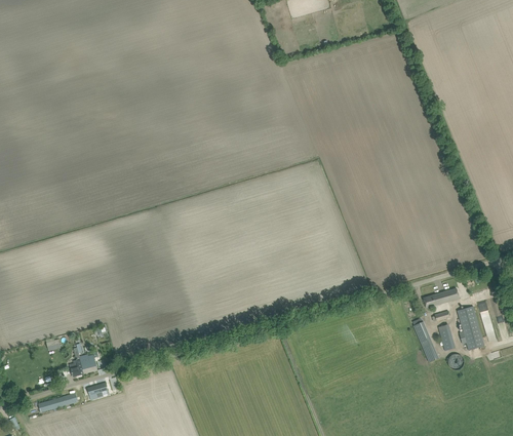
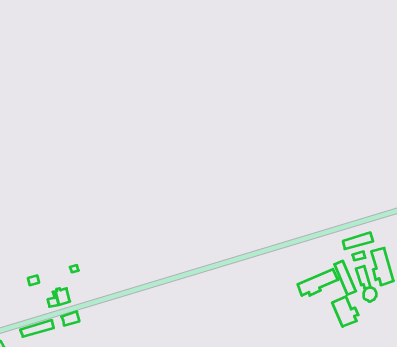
building: none -> [298,269,338,296]
building: none -> [332,296,358,327]

